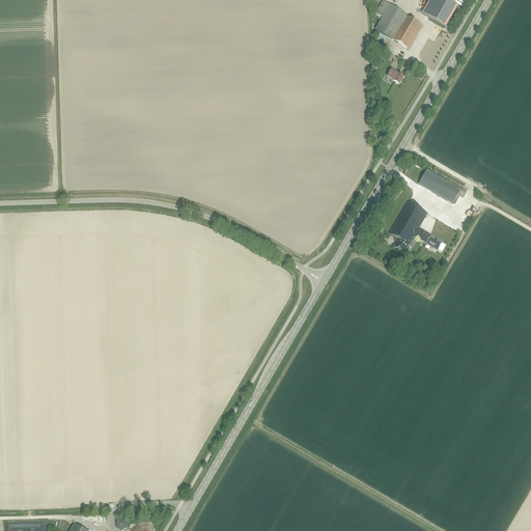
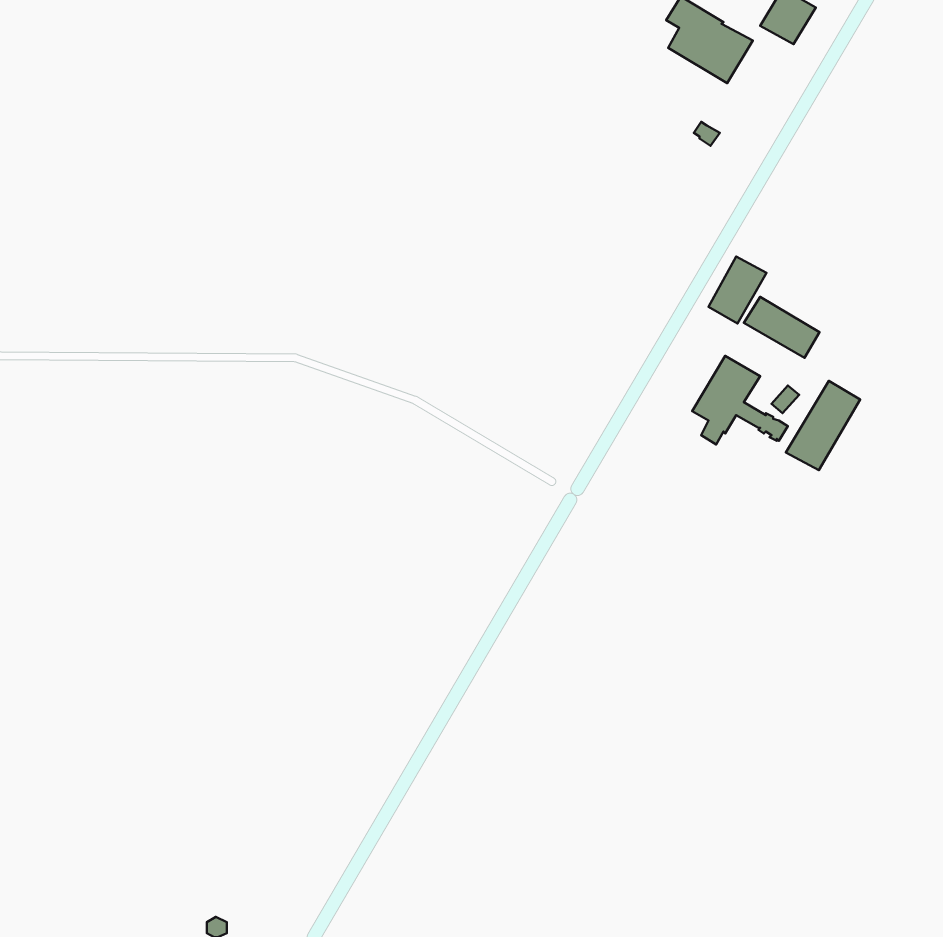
building: none -> [708,257,767,323]
building: none -> [786,381,860,470]

